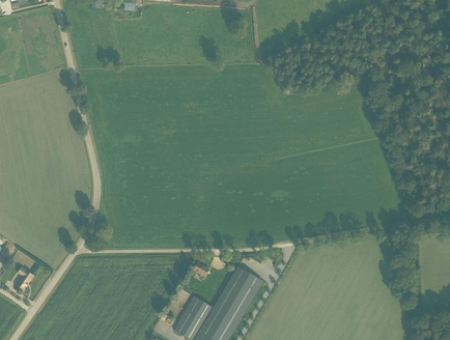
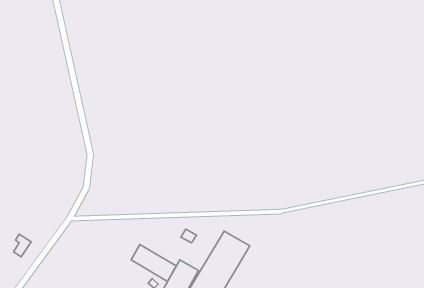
building: none -> [131,244,176,281]

